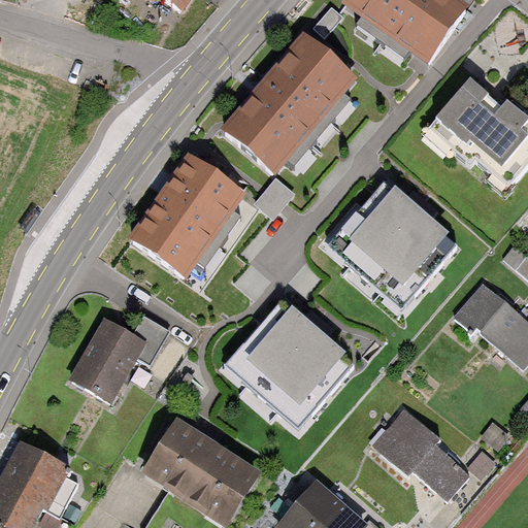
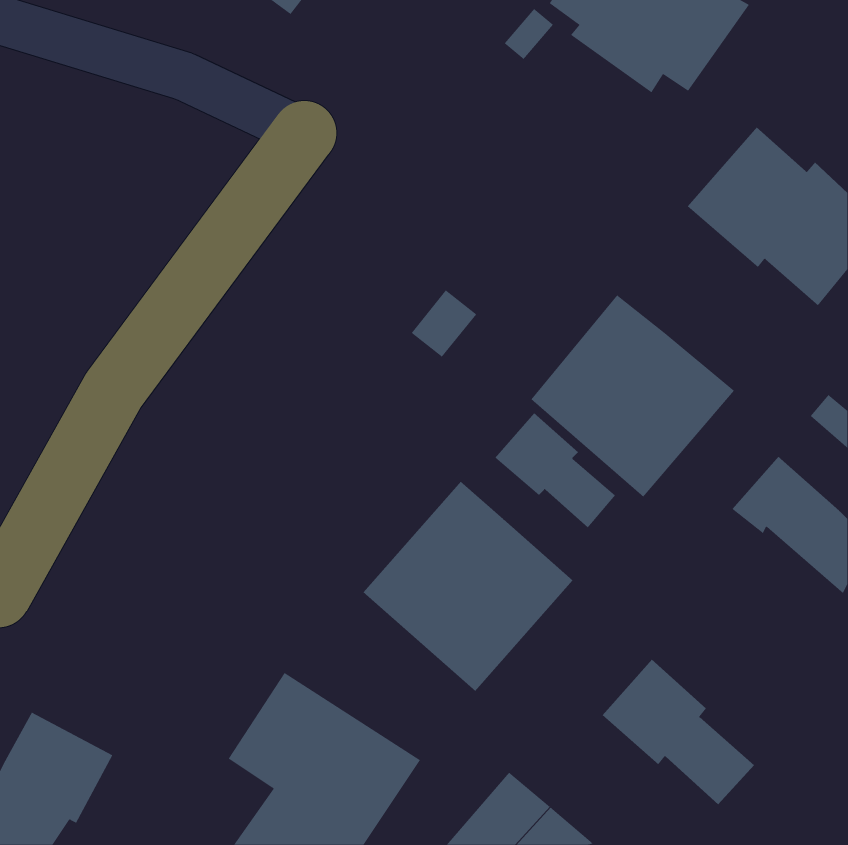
building: [227,34,354,167] -> none
building: [133,154,244,273] -> none
building: none -> [494,413,616,528]
building: [71,316,170,400] -> none

